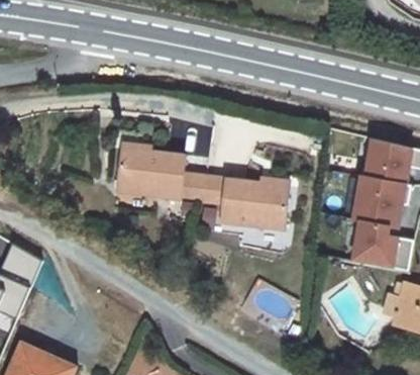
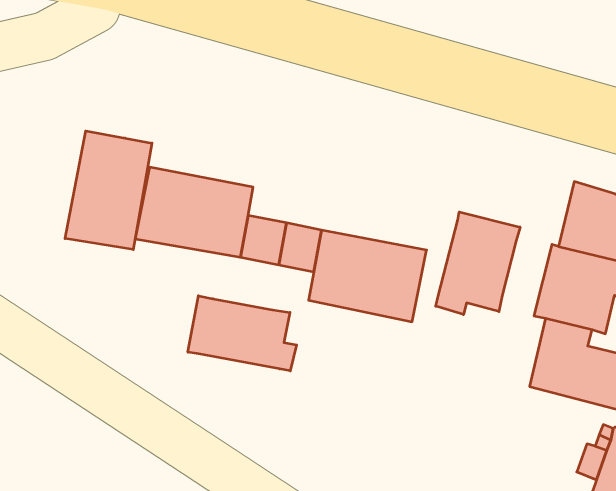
building: none -> [65,131,152,250]
building: none -> [436,212,520,315]
building: none -> [188,296,297,371]

